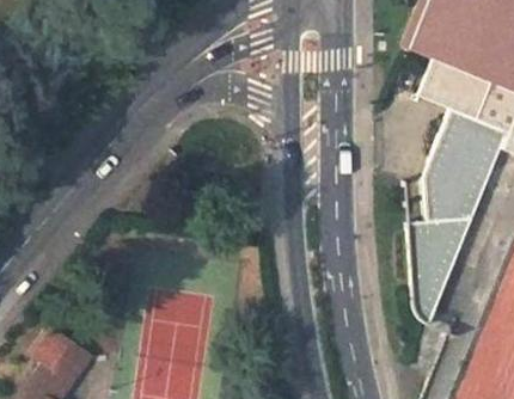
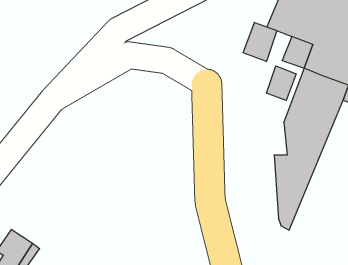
building: none -> [243,22,277,62]
building: none -> [267,66,296,100]

